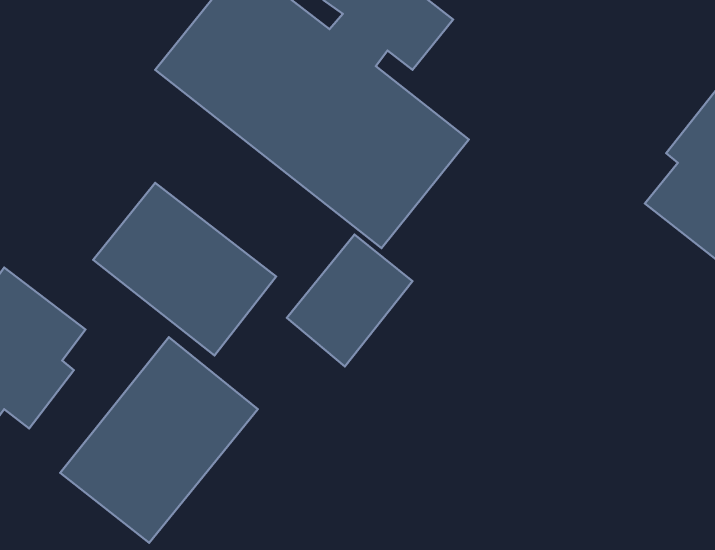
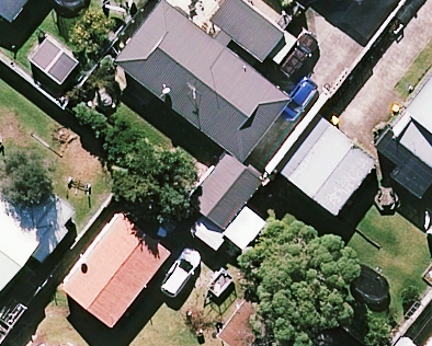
building: none -> [273,115,374,215]
building: [93,183,276,355] -> none

